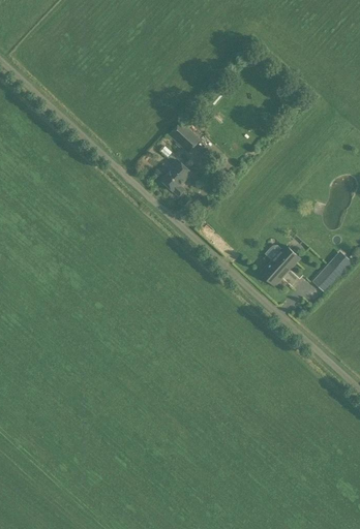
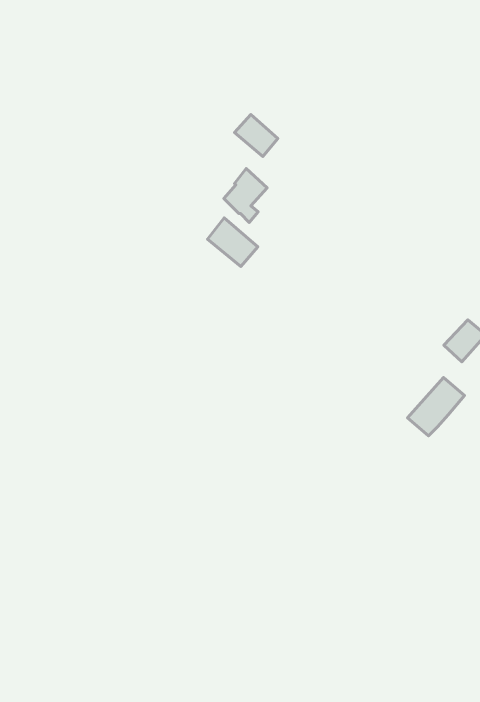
building: none -> [207,218,258,266]
building: [261,244,300,284] -> [408,377,464,436]

